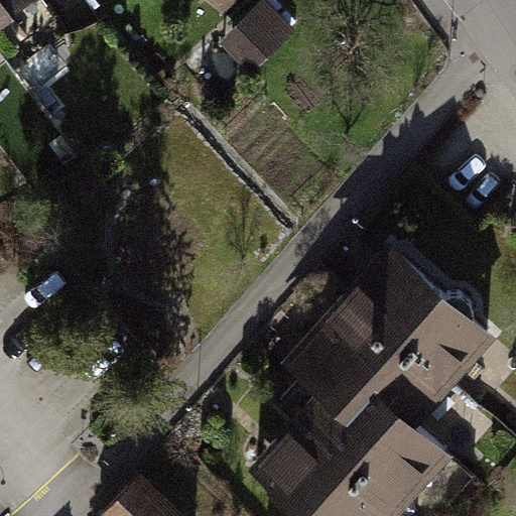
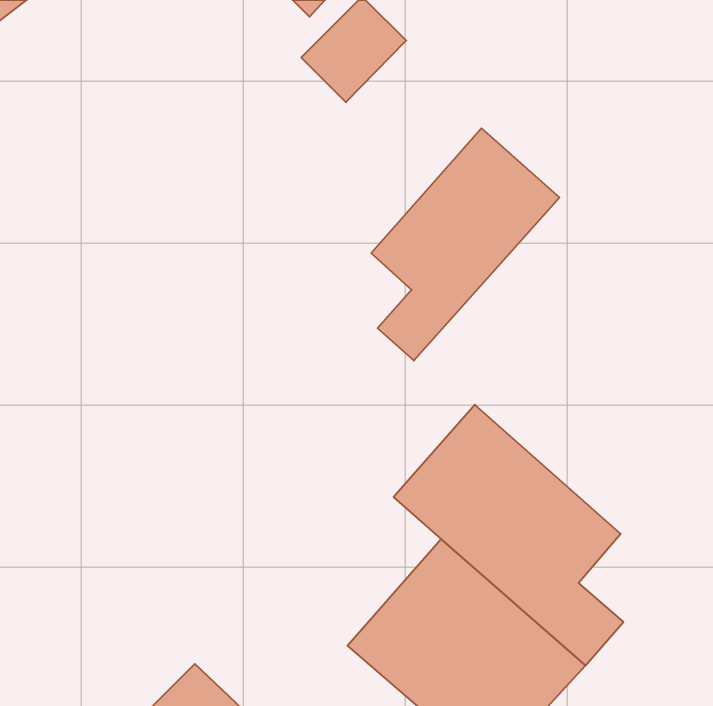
building: none -> [371,128,559,361]
building: [342,245,495,391] -> none

